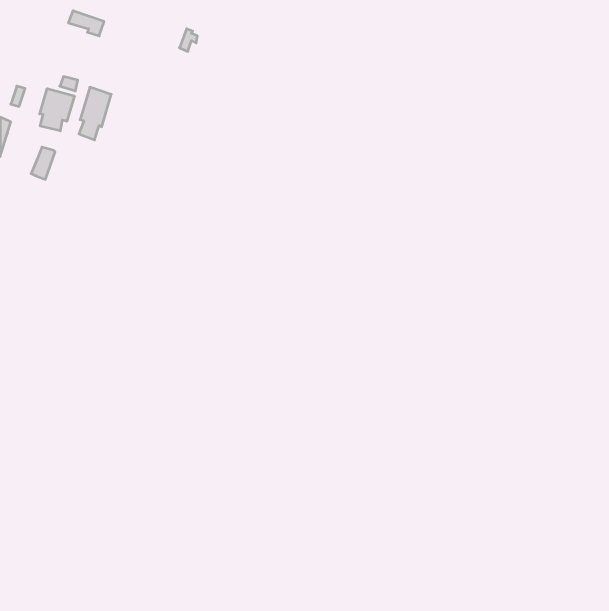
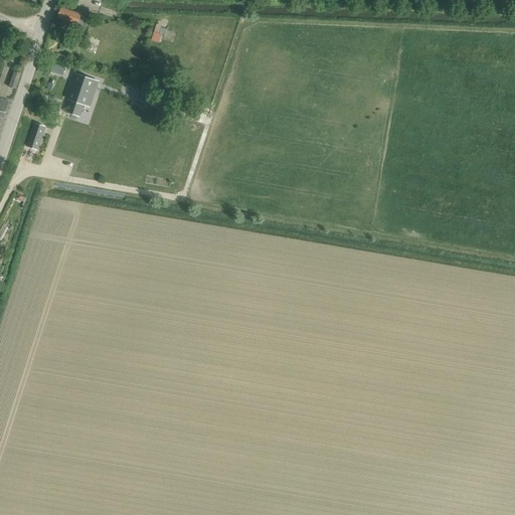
building: [40,89,74,131] -> none

